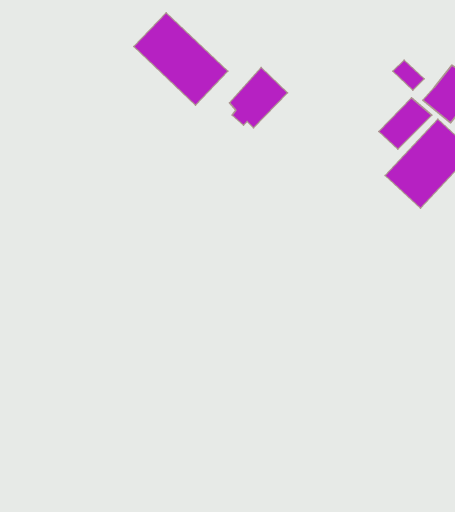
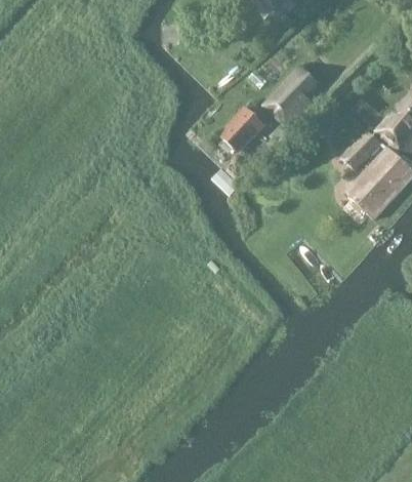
building: [134,13,228,105] -> none
building: none -> [266,66,319,124]

